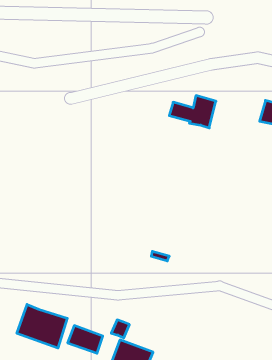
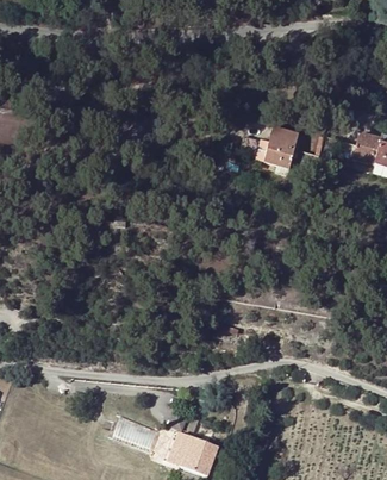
building: [17,304,67,348] -> none

